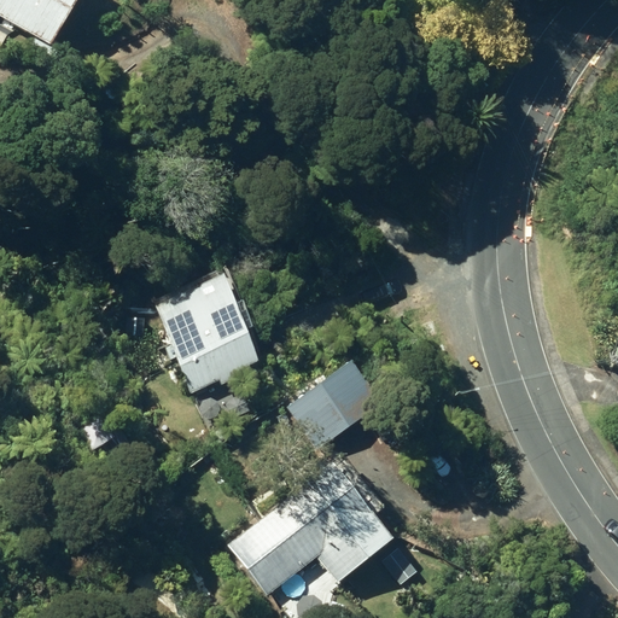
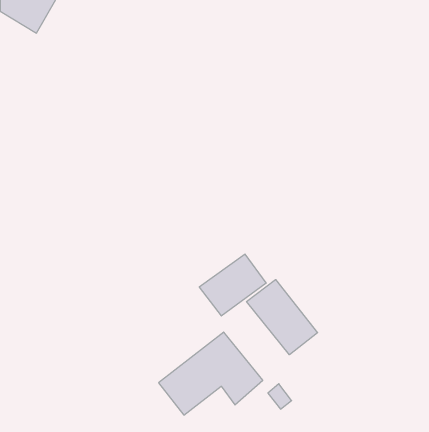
building: [150,274,251,385] -> none
building: none -> [247,280,318,355]

